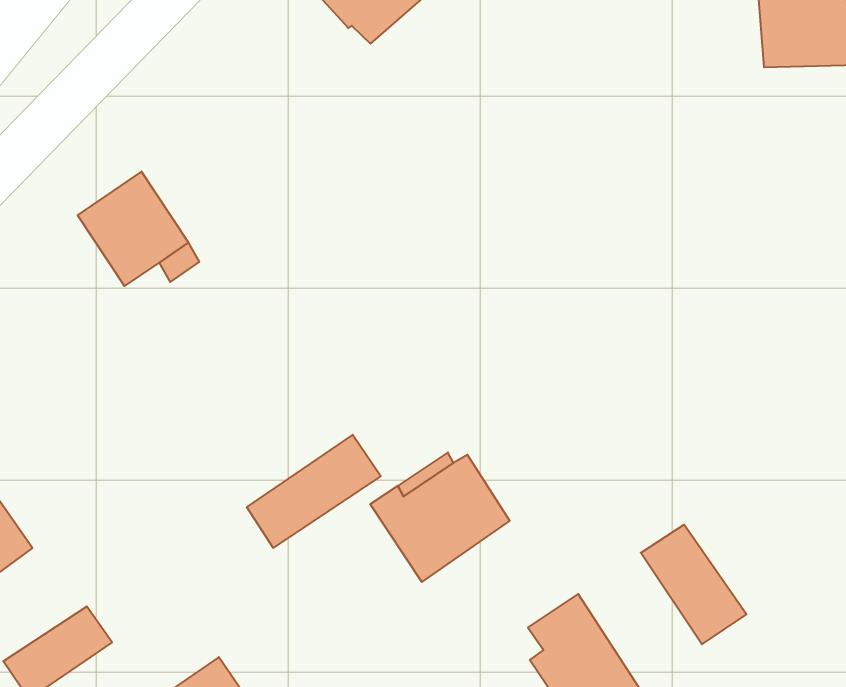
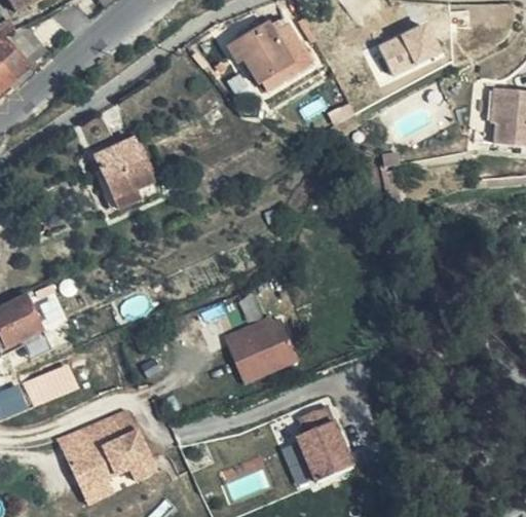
building: [247,435,381,548] -> none
building: [641,525,746,644] -> none

